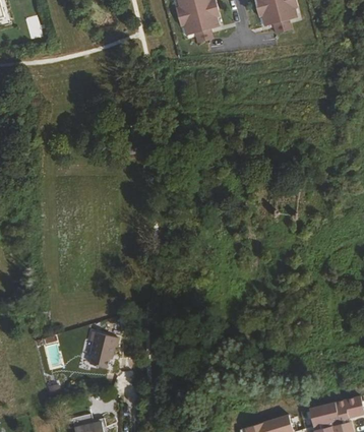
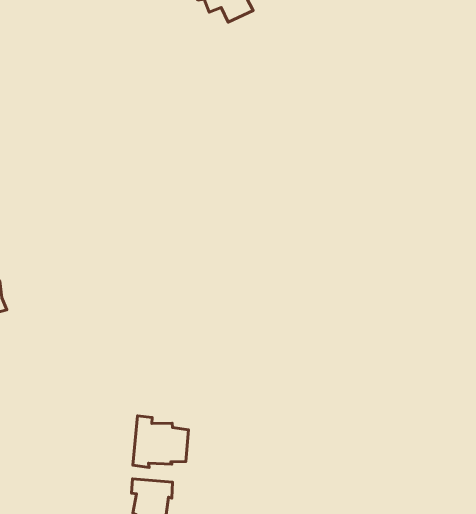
building: none -> [133,416,189,467]

